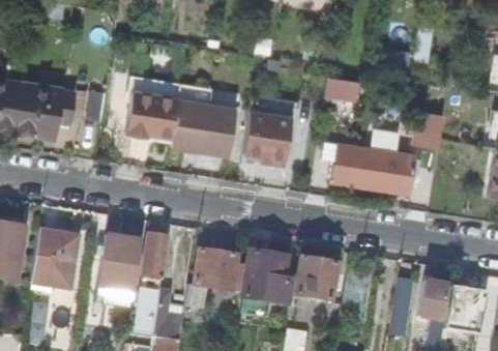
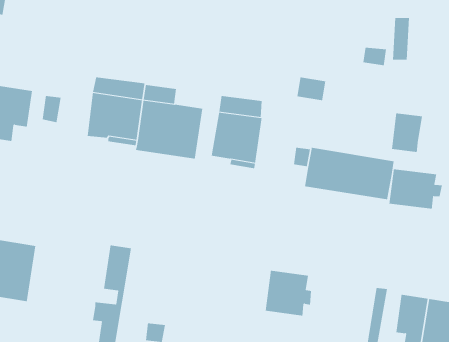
building: none -> [389,169,442,209]
building: [96,234,141,292] -> none
building: [193,247,237,291] -> none
building: [241,251,291,303] -> none

